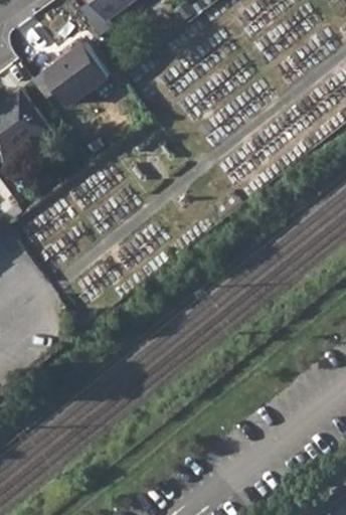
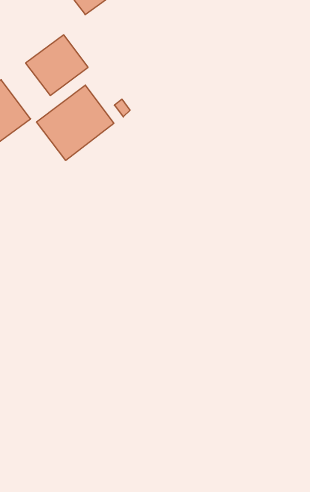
building: none -> [37,85,114,160]

